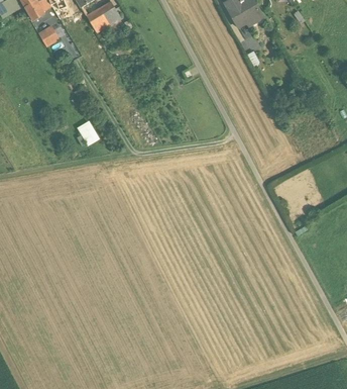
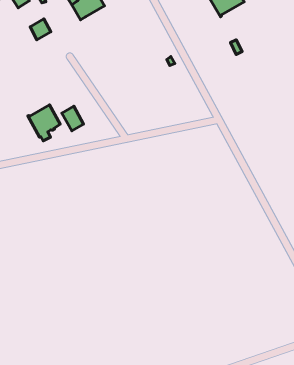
building: none -> [28,105,60,141]

